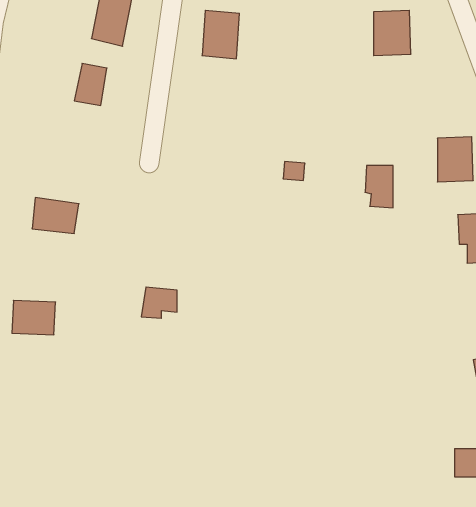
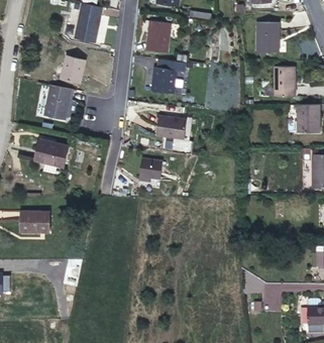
building: none -> [152,59,184,91]
building: none -> [43,86,71,120]
building: none -> [154,116,188,138]
building: [365,166,393,208] -> [274,69,292,96]
building: [141,287,177,318] -> [138,160,161,181]

